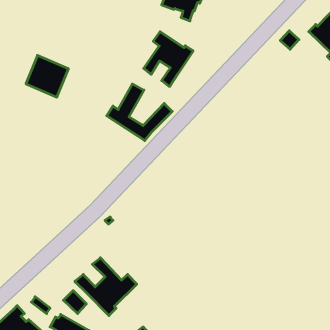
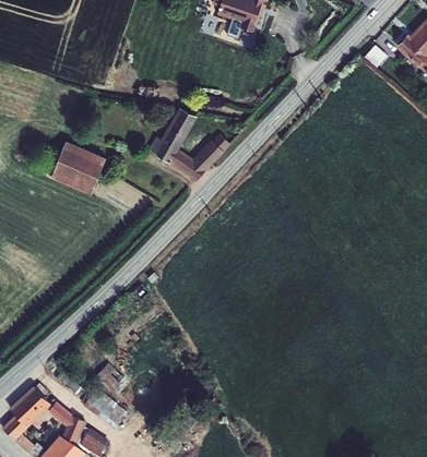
building: [144,32,193,86] -> none
building: [26,55,68,97] -> [51,142,104,193]
building: [75,258,137,316] -> none

